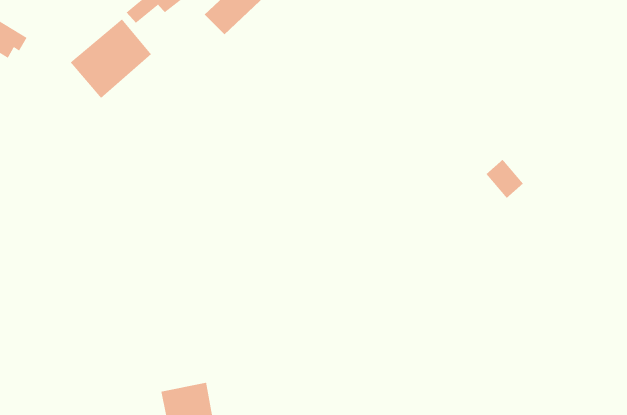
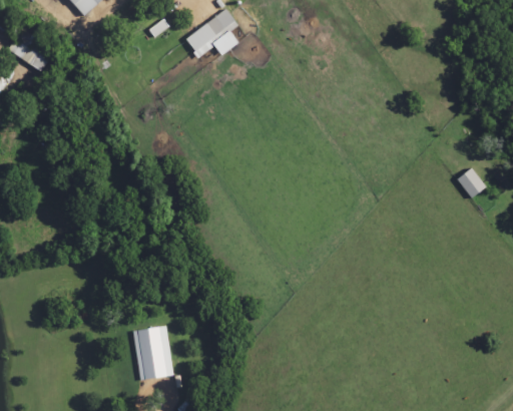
building: [70,18,152,99] -> none
building: [486,159,524,199] -> [453,167,482,198]

